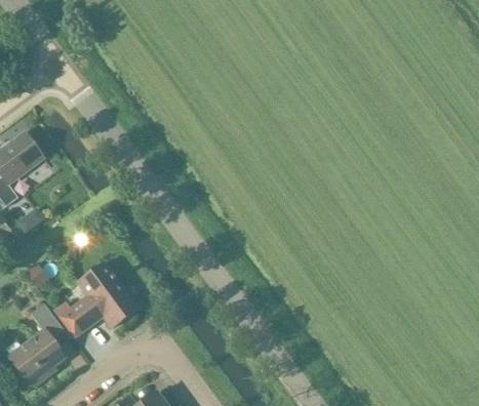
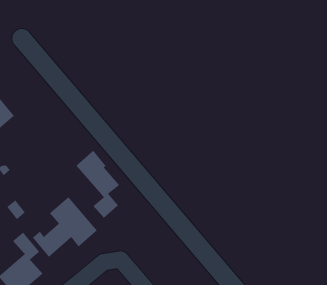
building: none -> [75,150,120,219]

